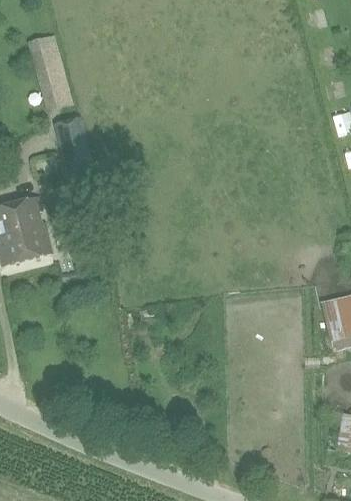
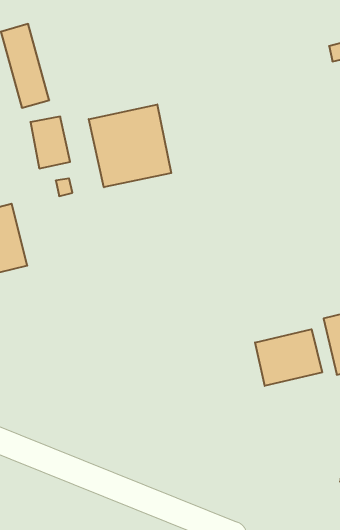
building: none -> [89,104,171,187]
building: none -> [255,329,322,386]

